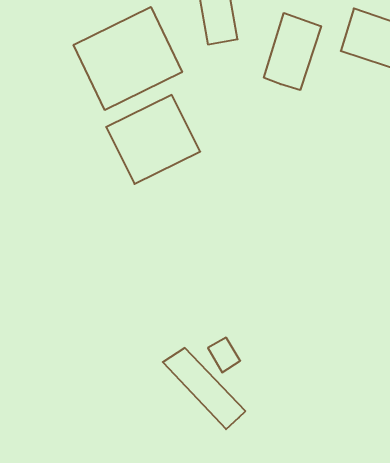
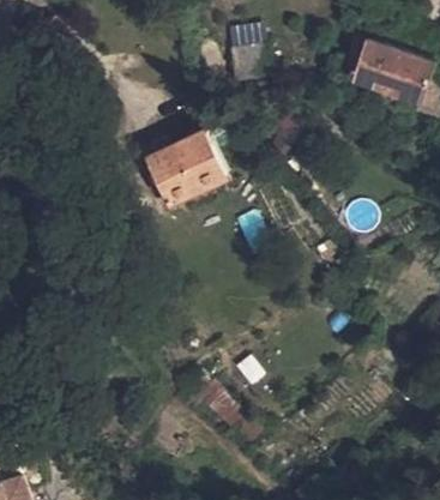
building: [74,7,182,110] -> none
building: [264,13,321,90] -> none

